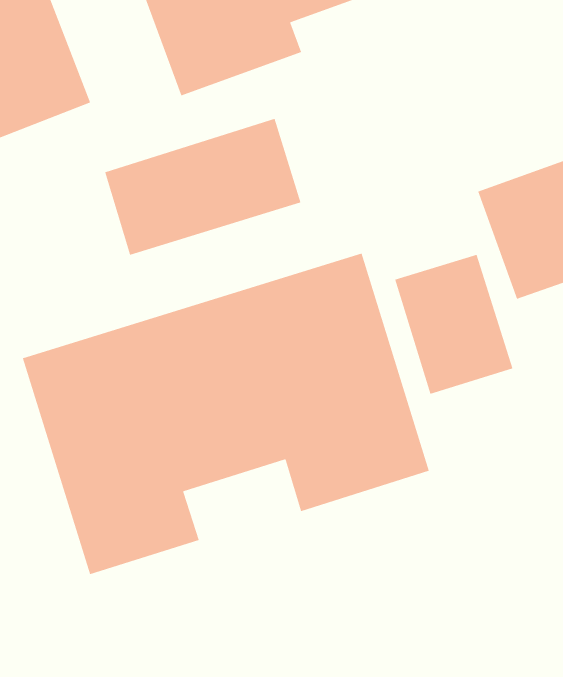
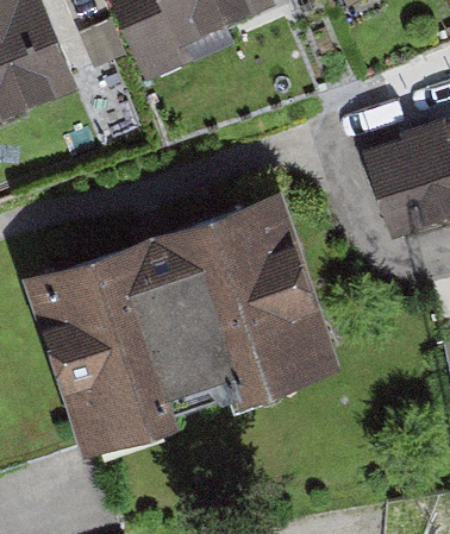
building: [104,118,302,256] -> none
building: [394,254,514,395] -> none

